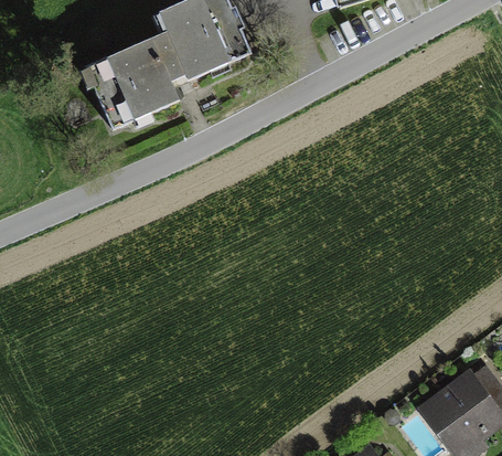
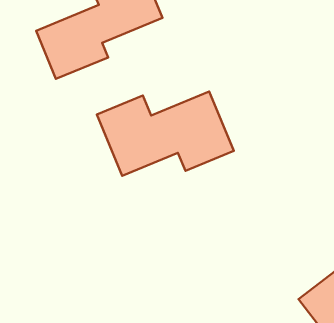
building: none -> [97,91,234,176]

